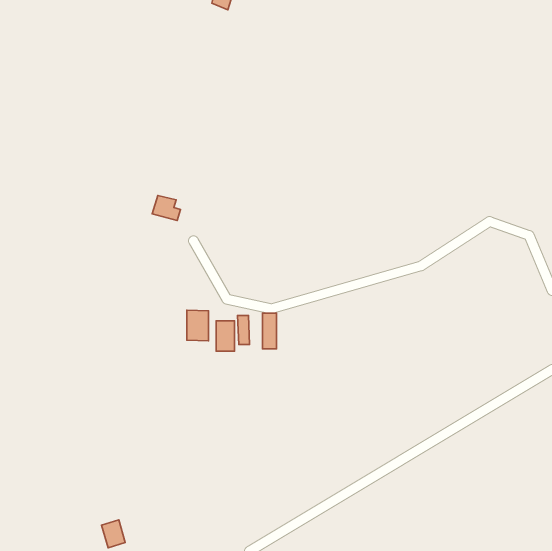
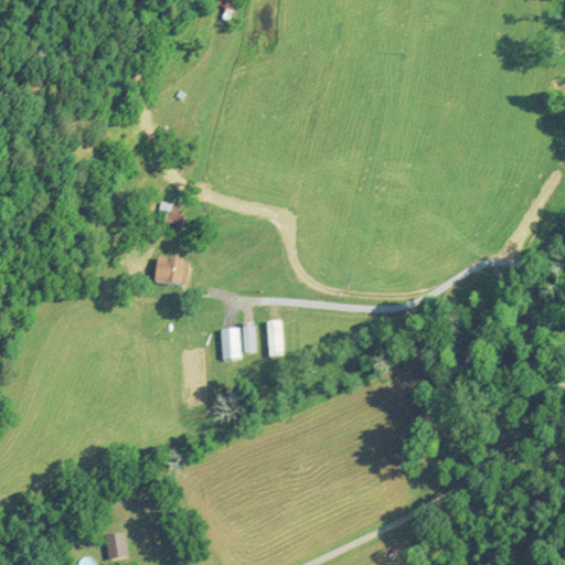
building: none -> [154,258,188,284]
building: [187,310,208,341] -> none

